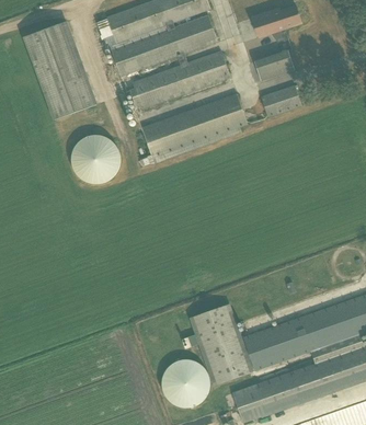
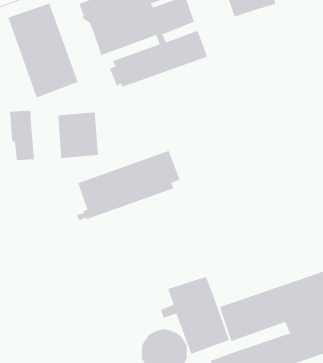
building: [255,49,295,81] -> none
building: [261,85,302,117] -> none
building: [140,93,249,166] -> [76,150,181,221]
building: none -> [9,110,35,161]

